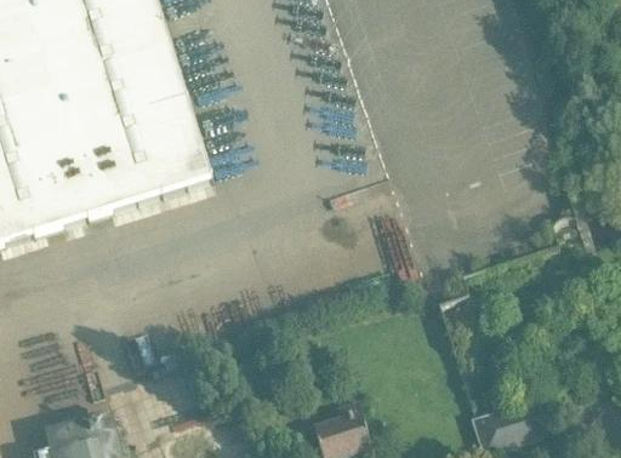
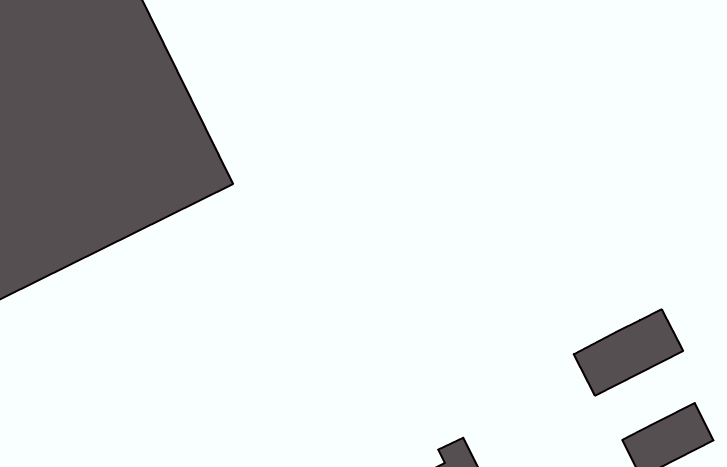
building: none -> [574,309,683,396]

